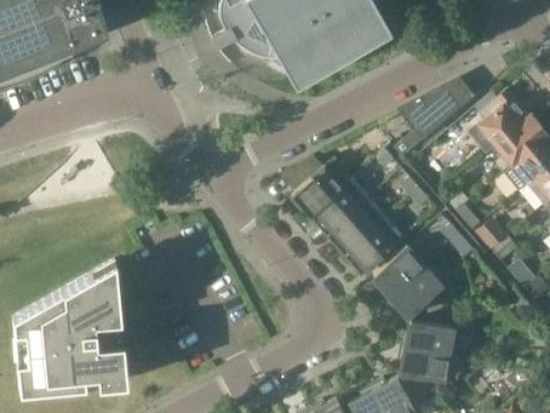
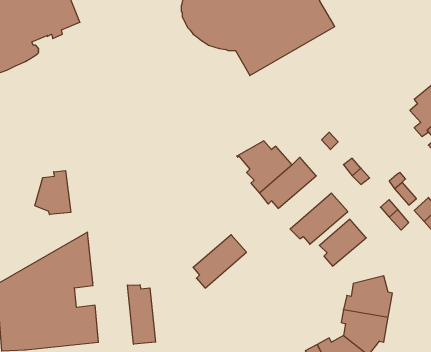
building: [395,82,472,157] -> none
building: none -> [35,171,71,215]
building: [328,197,388,257] -> [193,235,246,288]
building: [389,266,446,317] -> none
building: none -> [127,285,156,344]

